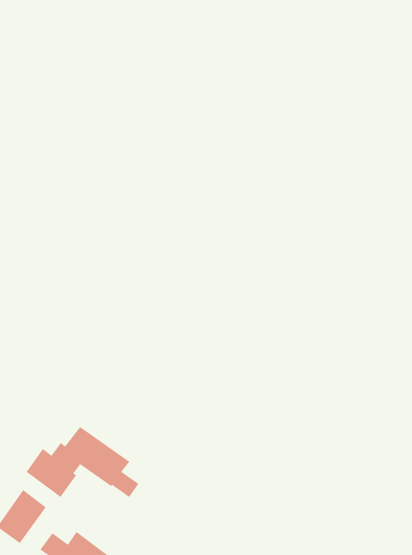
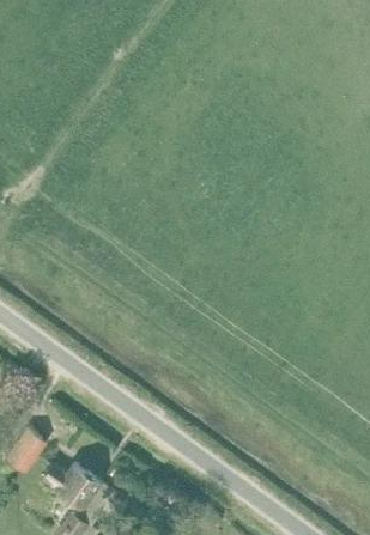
building: [26,426,139,498] -> none

